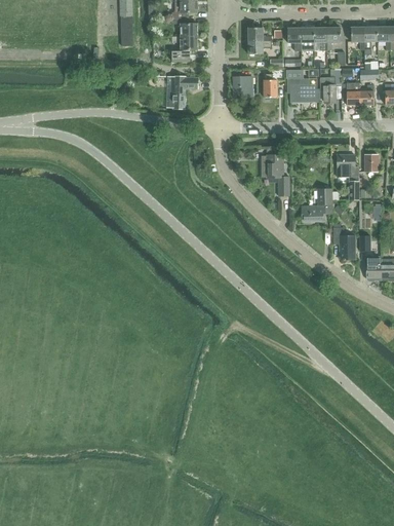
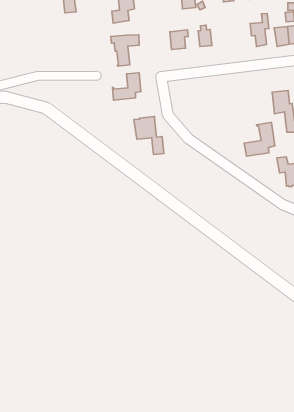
building: [285,69,316,101] -> none
building: none -> [113,73,141,100]
building: [260,154,288,195] -> [134,117,164,154]

